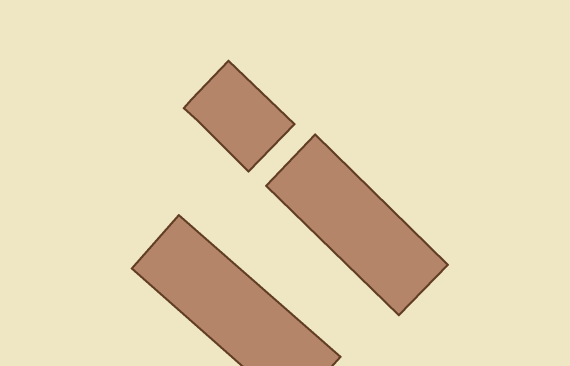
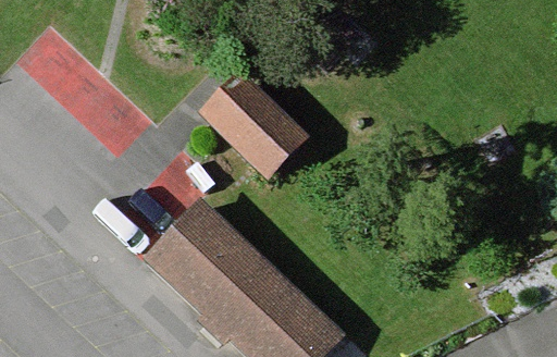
building: [266,134,448,315] -> none

